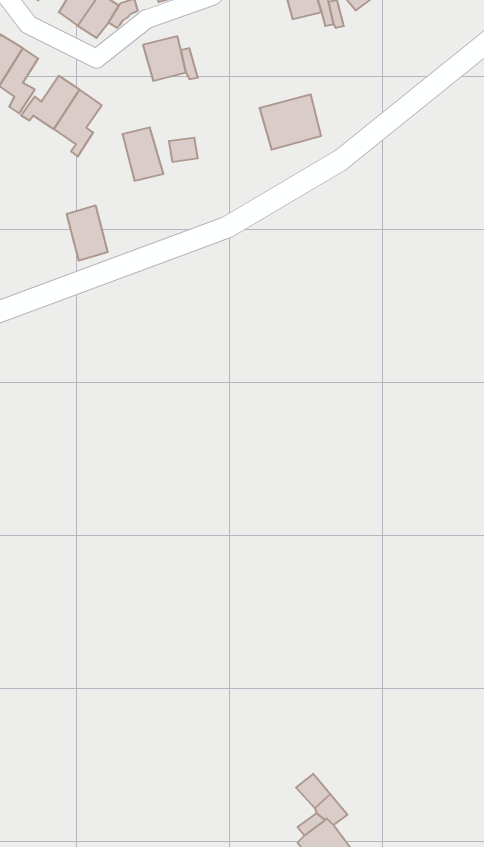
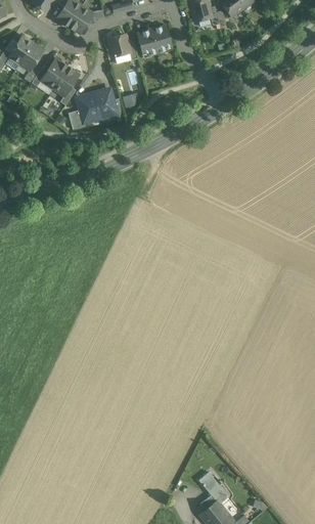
building: [259,95,321,150] -> [135,24,172,56]
building: [67,206,108,261] -> [76,91,100,124]

